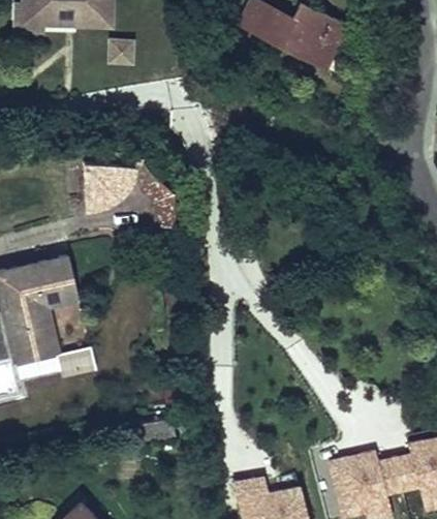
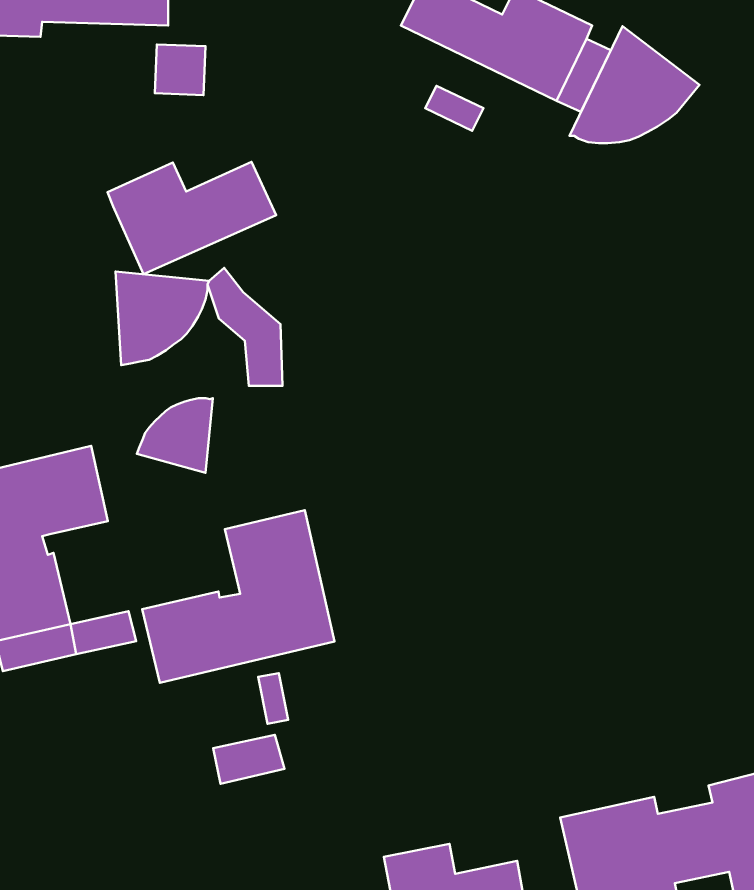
building: none -> [570,26,700,143]
building: none -> [107,162,276,274]
building: none -> [137,398,213,473]
building: none -> [142,510,334,683]

